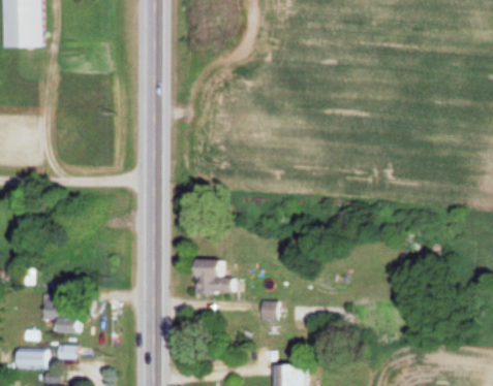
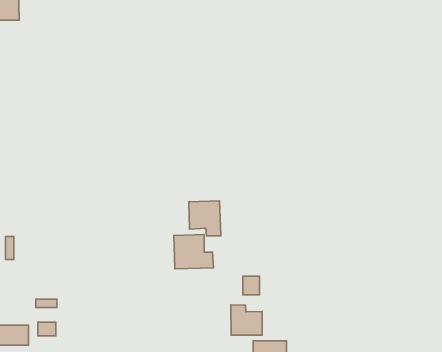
building: none -> [189,201,221,236]
building: none -> [231,305,262,335]

